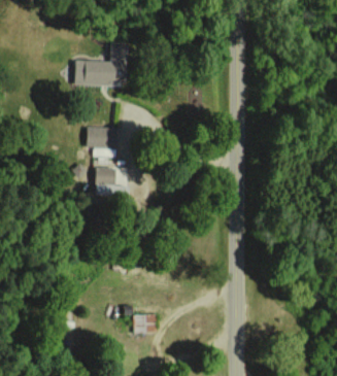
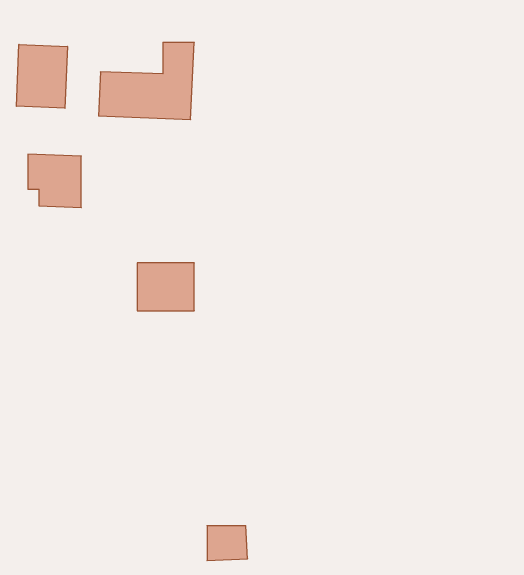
building: none -> [16,44,67,108]
building: [87,127,116,157] -> [28,154,81,208]

